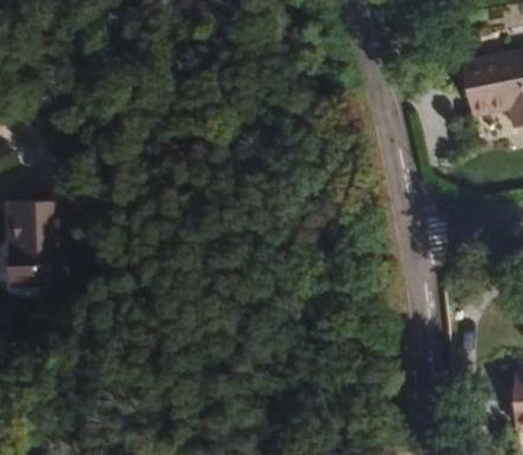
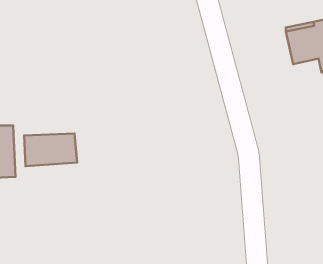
building: none -> [24,134,77,166]

